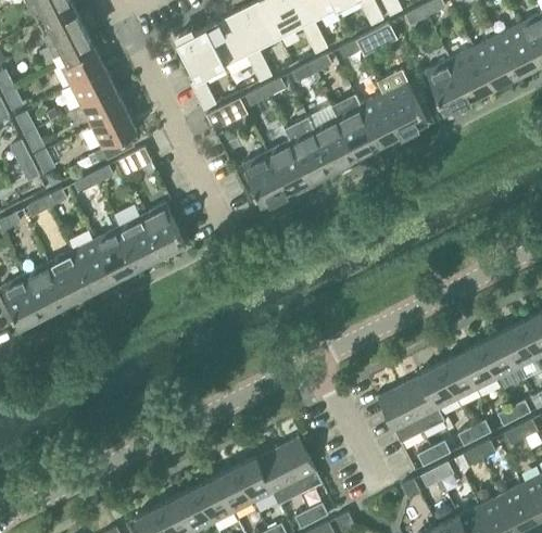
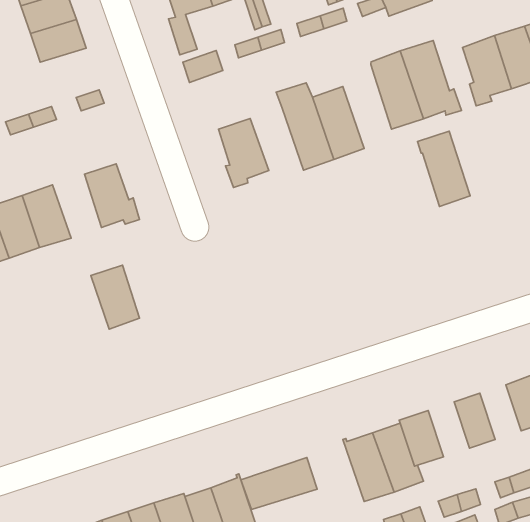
building: [331,97,379,157] -> [417,131,470,207]
building: [93,116,136,160] -> none
building: [266,141,314,200] -> none
building: [117,216,161,268] -> [91,265,139,329]
building: [479,334,516,379] -> none
building: [440,354,477,398] -> none
building: none -> [241,457,317,510]

